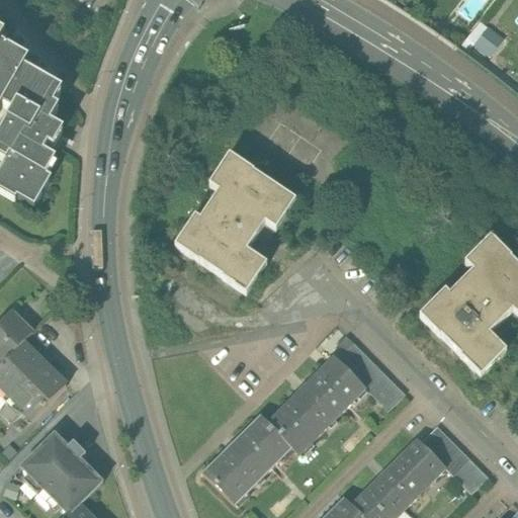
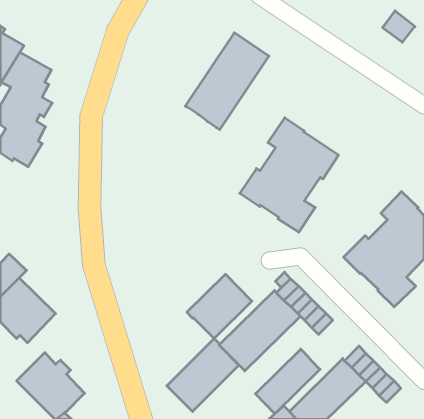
building: none -> [185,33,269,130]
building: [174,152,294,291] -> [240,118,338,232]
building: none -> [187,274,252,339]
building: none -> [255,349,320,414]

